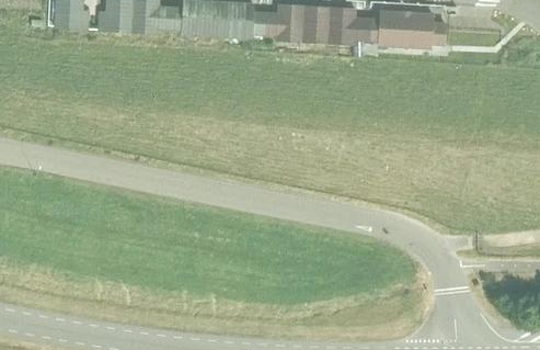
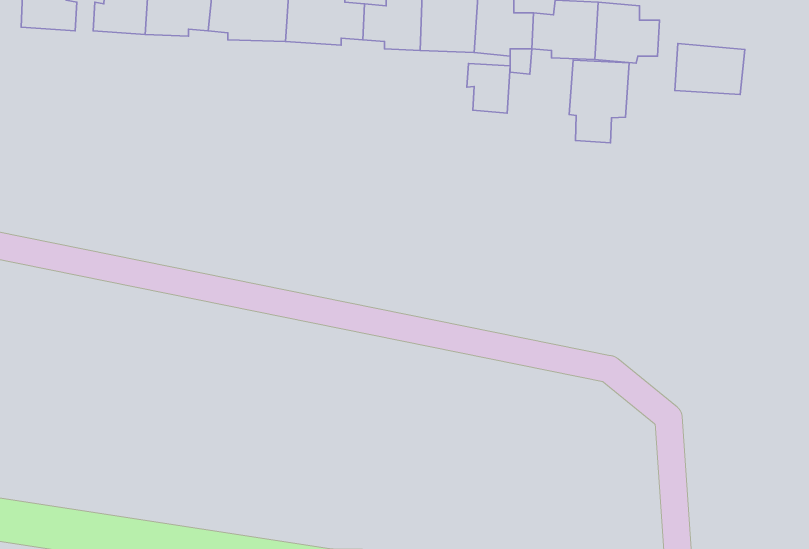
building: none -> [675,44,745,95]
building: none -> [569,60,629,143]
building: none -> [467,64,510,113]

